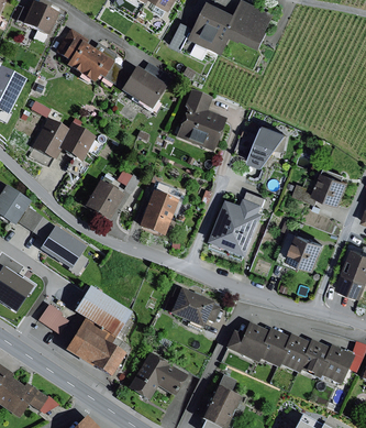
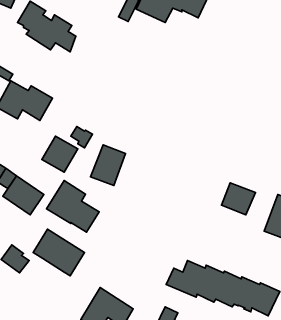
building: [121,63,171,110] -> none
building: [176,88,228,152] -> none
building: [248,123,288,166] -> none
building: [292,167,348,205] -> none
building: [209,197,264,261] -> none
building: [169,288,221,329] -> none
building: [65,319,124,377] -> [47,181,99,232]

